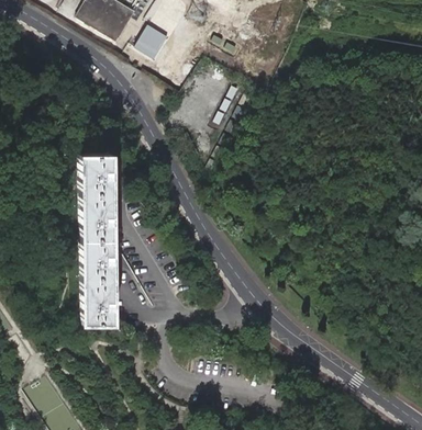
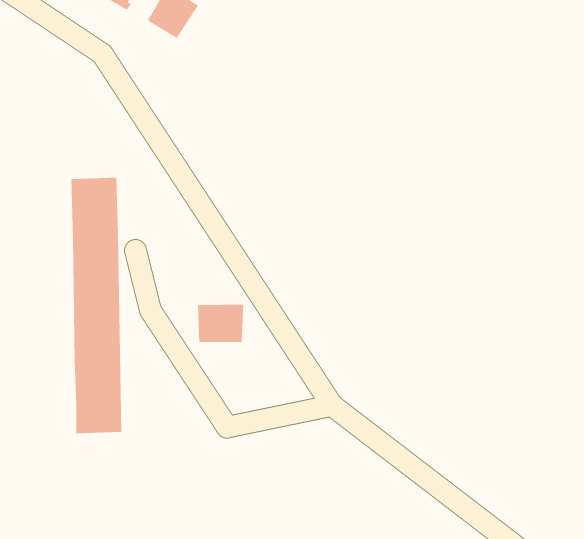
building: none -> [198,304,244,343]

